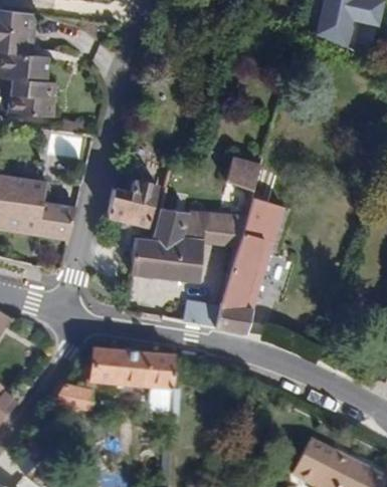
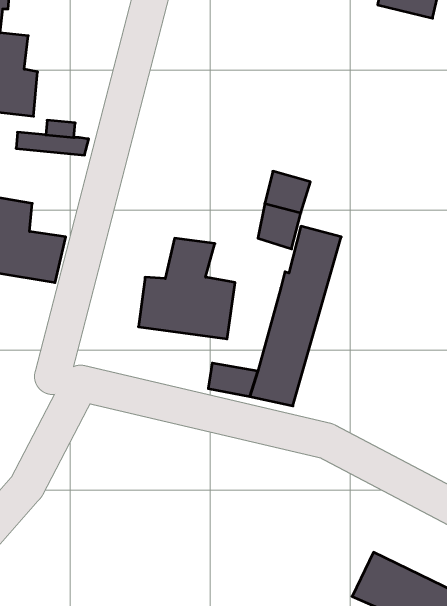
building: [108,178,158,225] -> none
building: [182,211,244,244] -> none
building: [52,351,174,412] -> none

